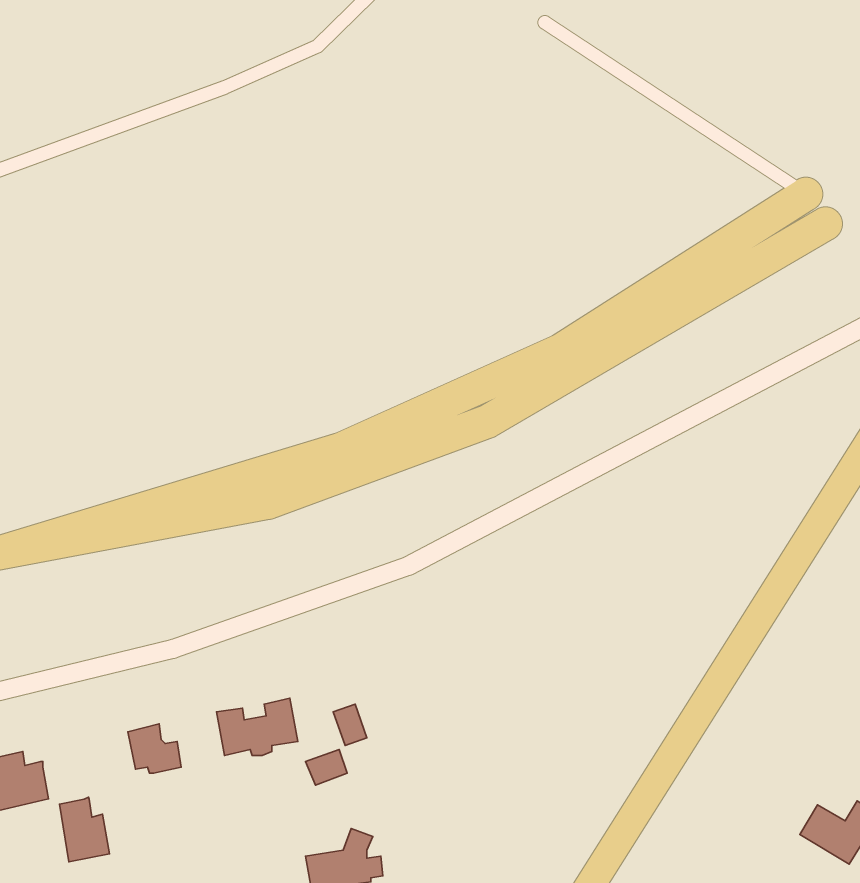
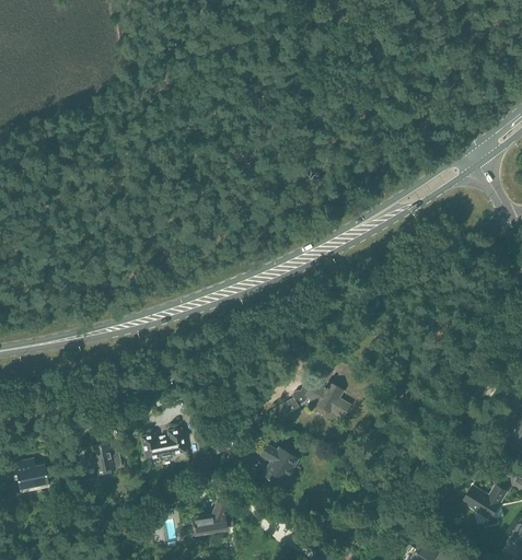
building: none -> [272,383,350,425]
building: none -> [259,444,298,488]
building: [59,797,109,862] -> none

